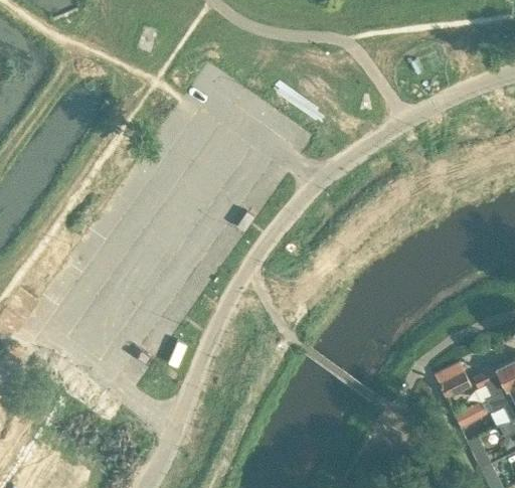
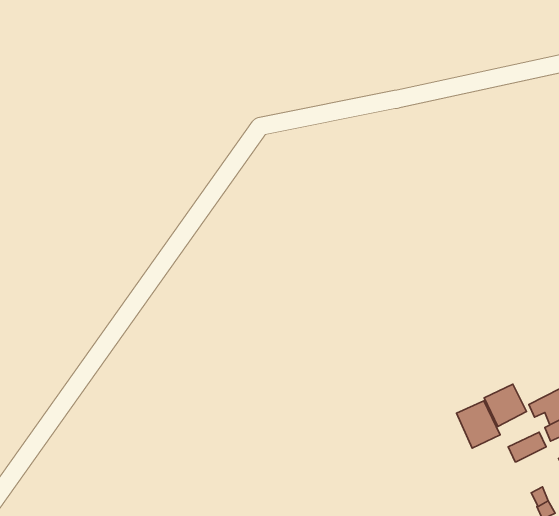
building: none -> [457,401,500,448]

